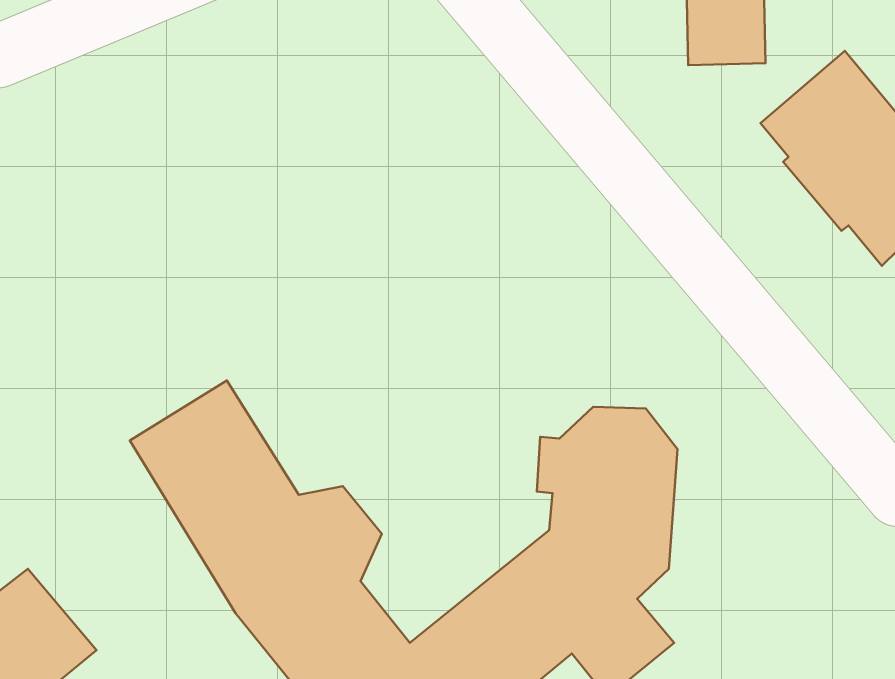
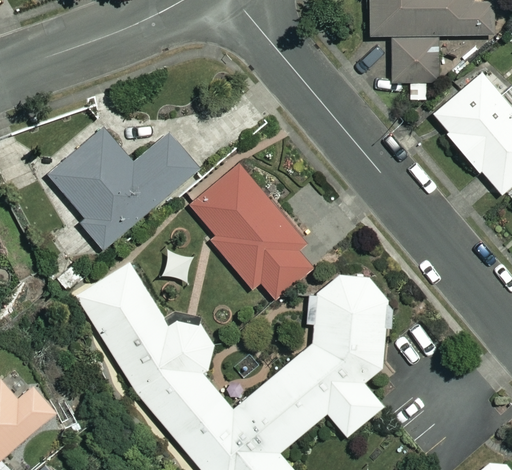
building: none -> [49,129,201,250]
building: none -> [181,161,320,300]

